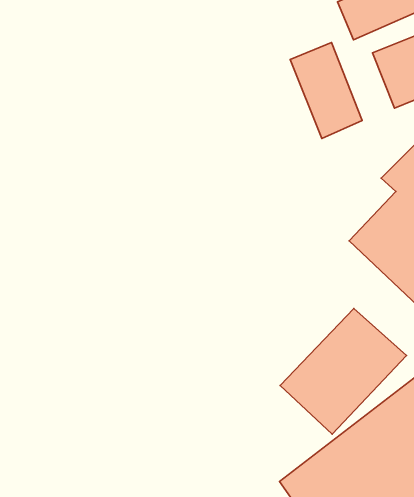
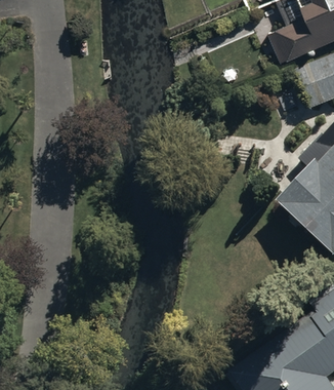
building: [290,42,362,139] -> none
building: [280,309,407,434] -> none

